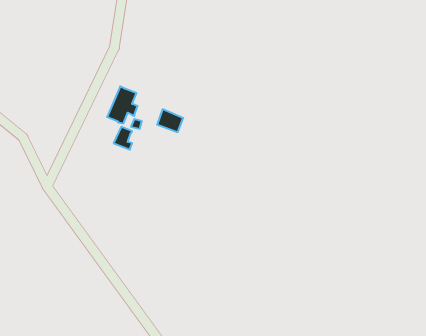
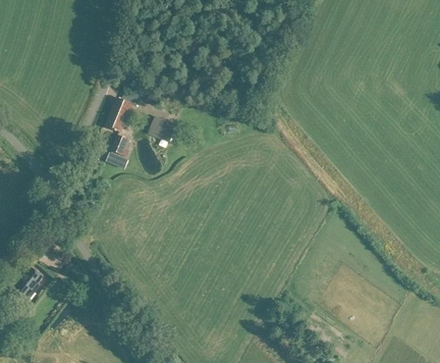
building: none -> [14,267,44,301]

